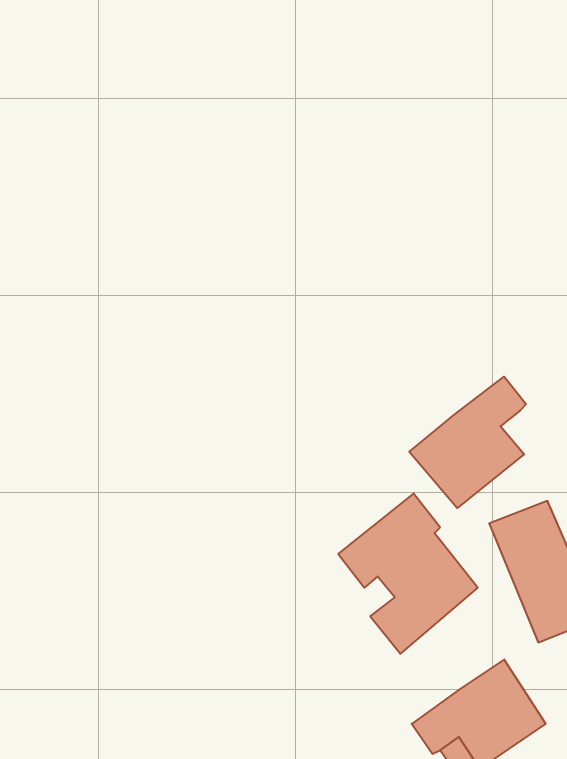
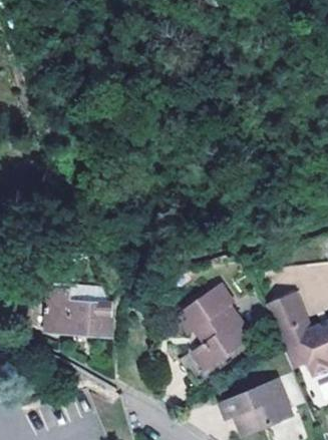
building: [409,377,526,508] -> none
building: none -> [36,285,107,334]

